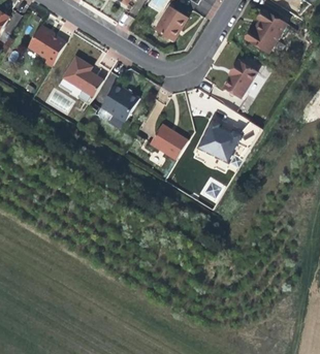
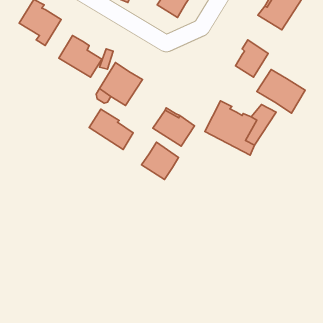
building: none -> [257,70,305,113]
building: none -> [89,109,133,149]
building: none -> [141,142,179,180]

